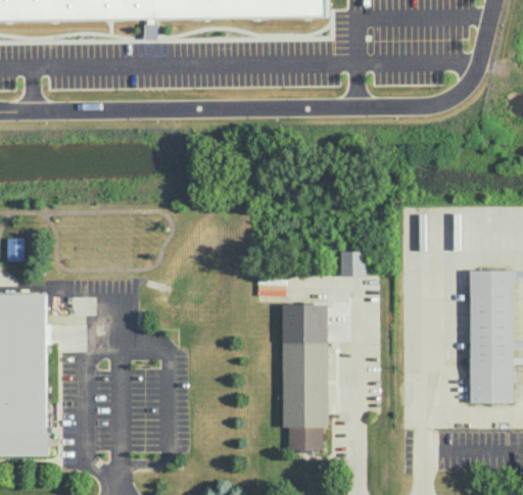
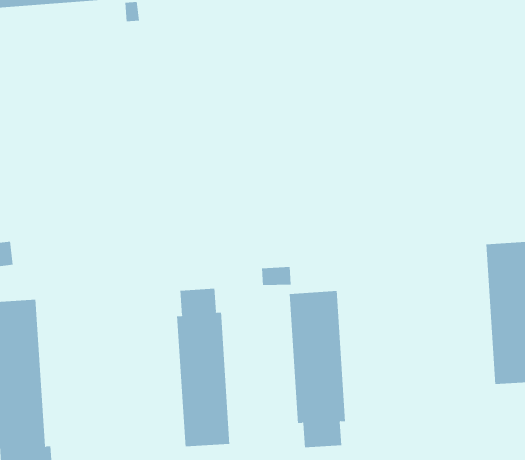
building: [341,251,366,277] -> none
building: none -> [177,288,230,447]

